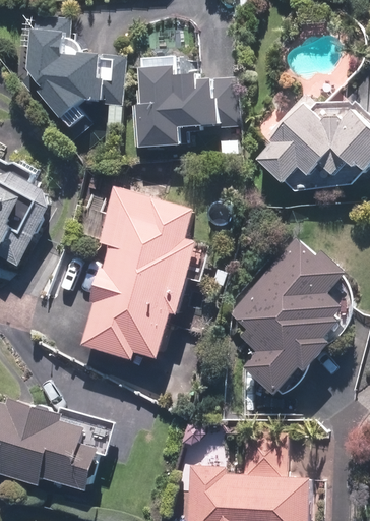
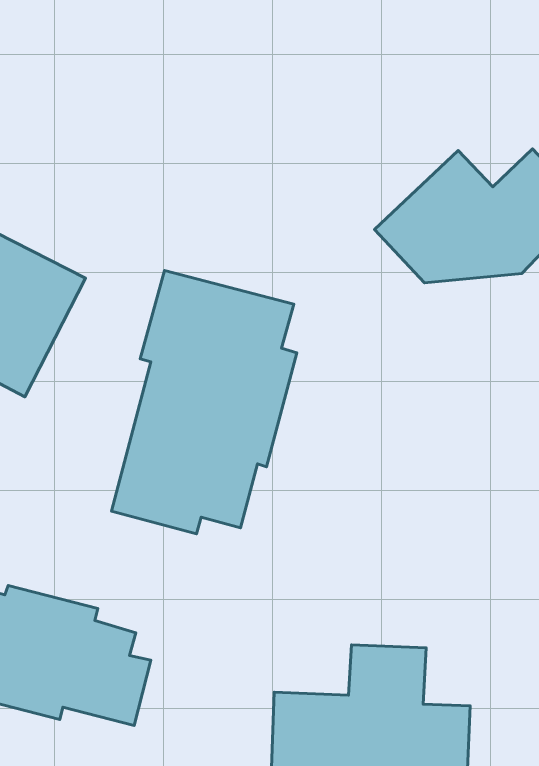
building: [28,25,115,128] -> none
building: [127,58,217,148] -> none
building: [222,232,353,401] -> none

